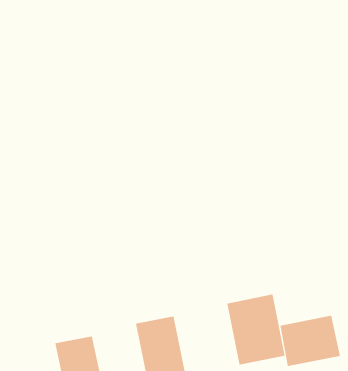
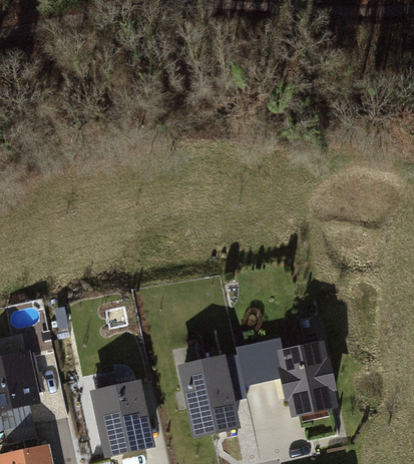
building: none -> [241,349,282,386]
building: [280,315,340,367] -> none

